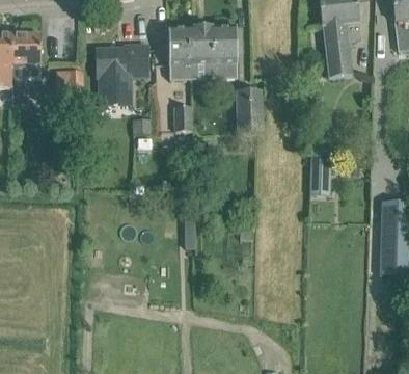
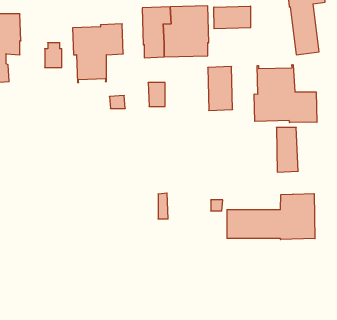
building: none -> [214,6,251,29]
building: none -> [254,65,317,123]
building: none -> [227,194,315,240]

